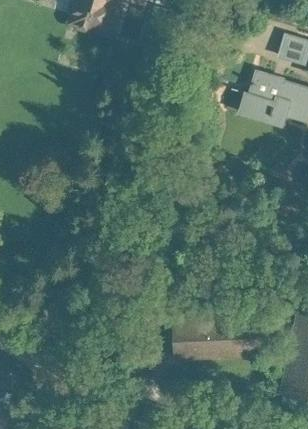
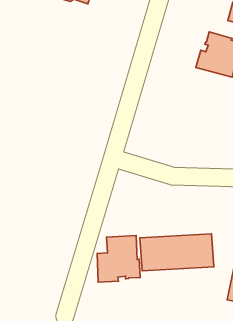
building: none -> [97,235,140,282]

